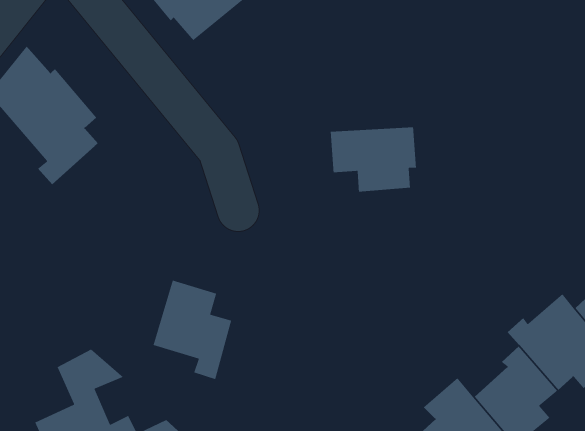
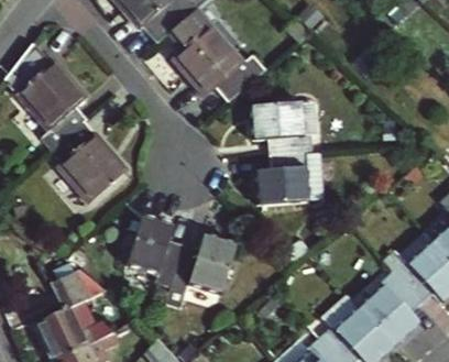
building: none -> [172,28,263,102]
building: none -> [51,120,125,201]
building: none -> [260,151,324,205]
building: none -> [171,237,232,296]

